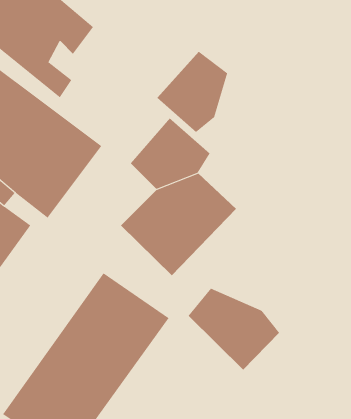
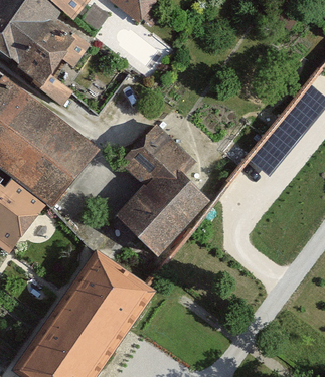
building: [157,51,228,133] -> none
building: [188,288,280,370] -> none

